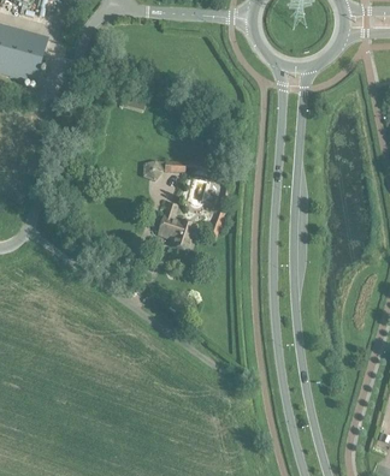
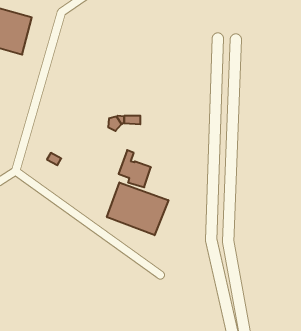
building: none -> [107,182,168,235]

